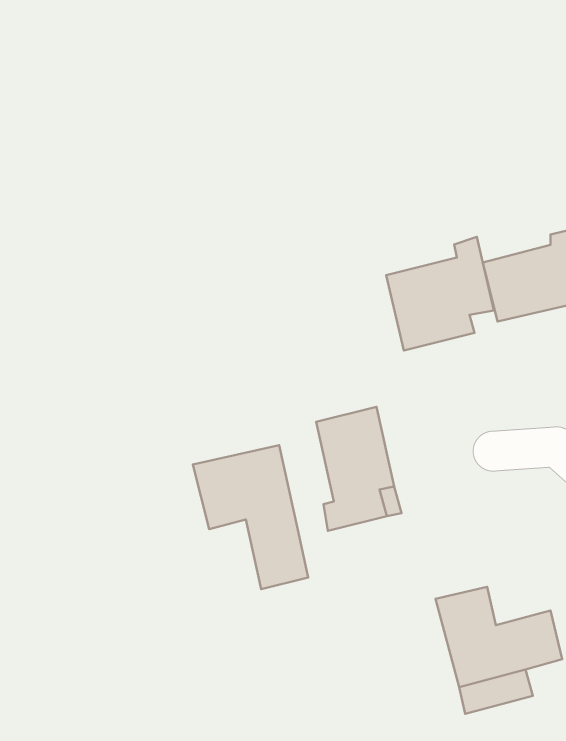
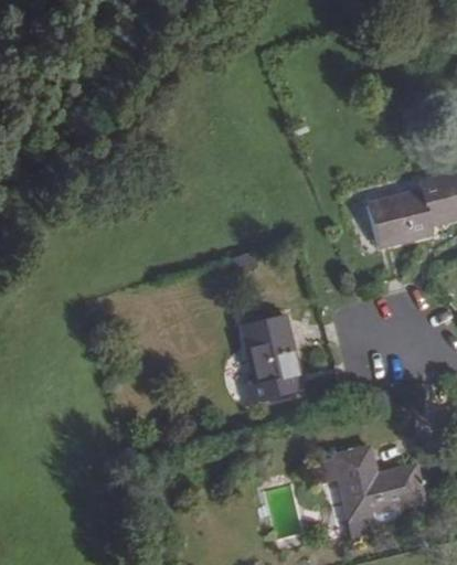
building: [386,237,494,350] -> none
building: [193,445,308,589] -> none

